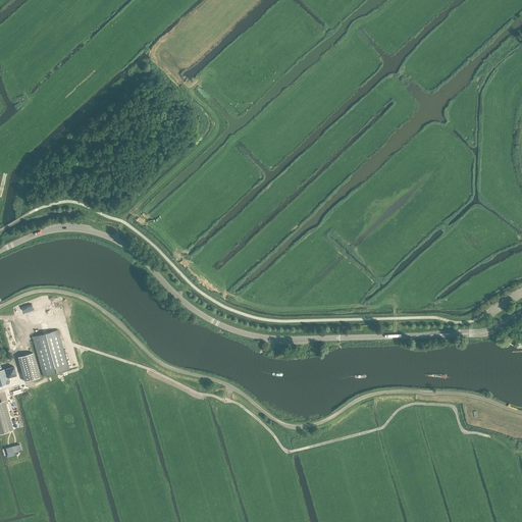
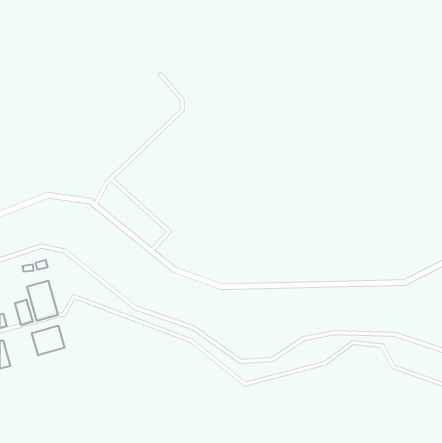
building: none -> [32,326,65,355]

